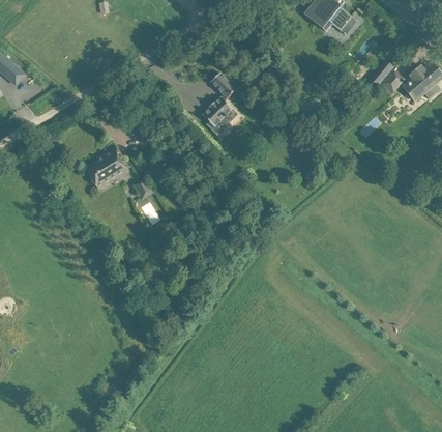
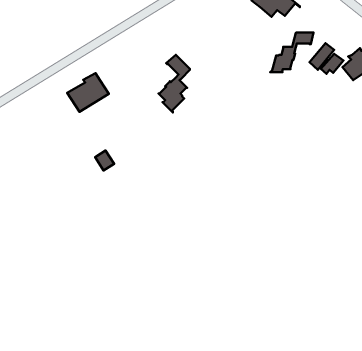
building: none -> [270,32,313,72]
building: [85,146,130,189] -> [67,73,109,112]

